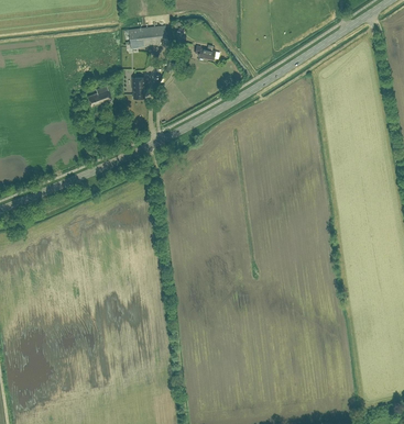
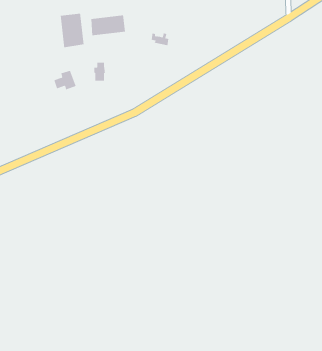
building: none -> [60,13,84,48]

